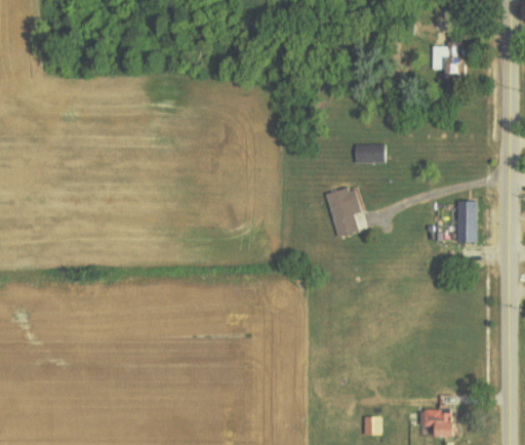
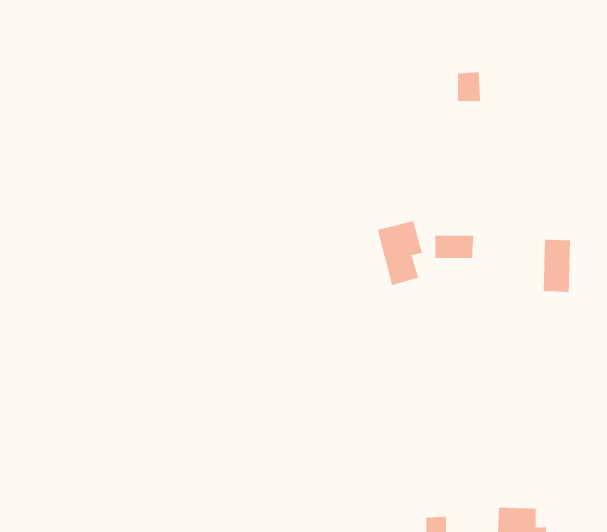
building: [433,45,451,69] -> [457,72,481,102]
building: [355,144,386,162] -> [435,235,474,259]

